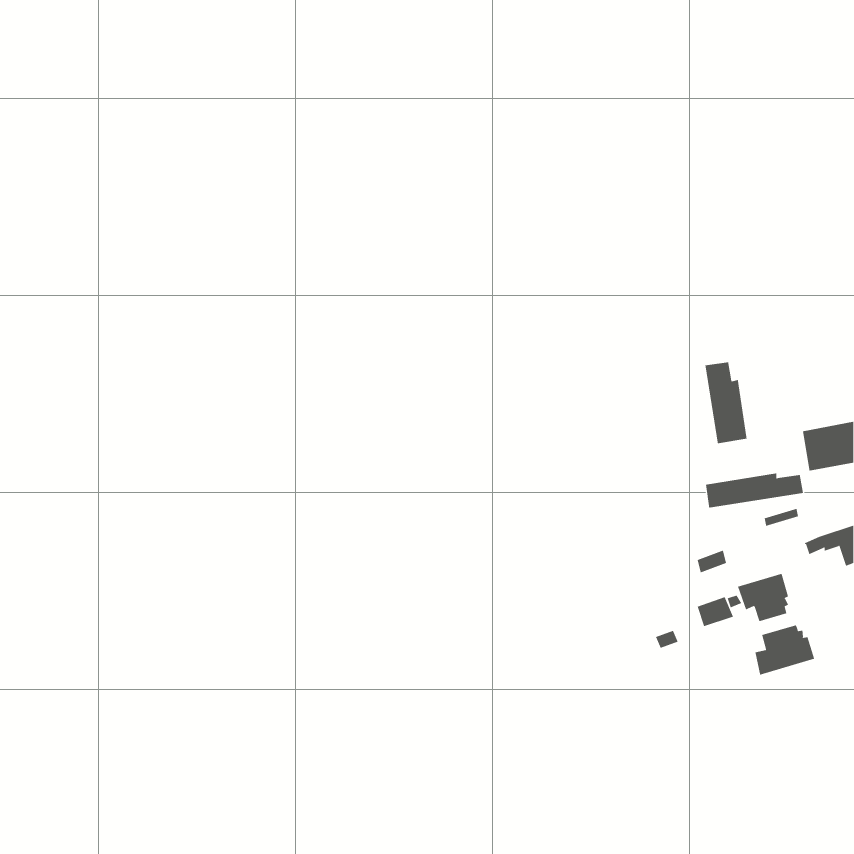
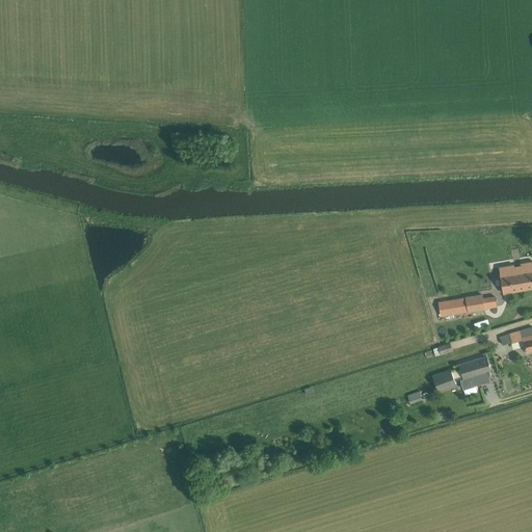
building: [705,361,747,444] -> none
building: [755,624,815,675] -> none

